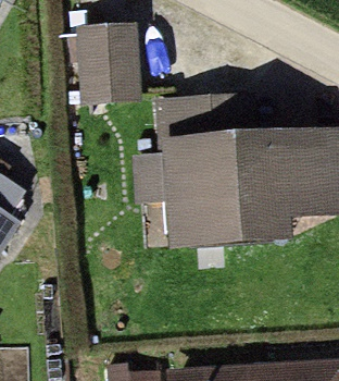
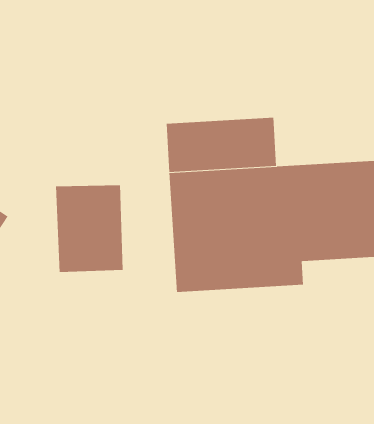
building: [72,34,129,108] -> [55,185,124,273]

